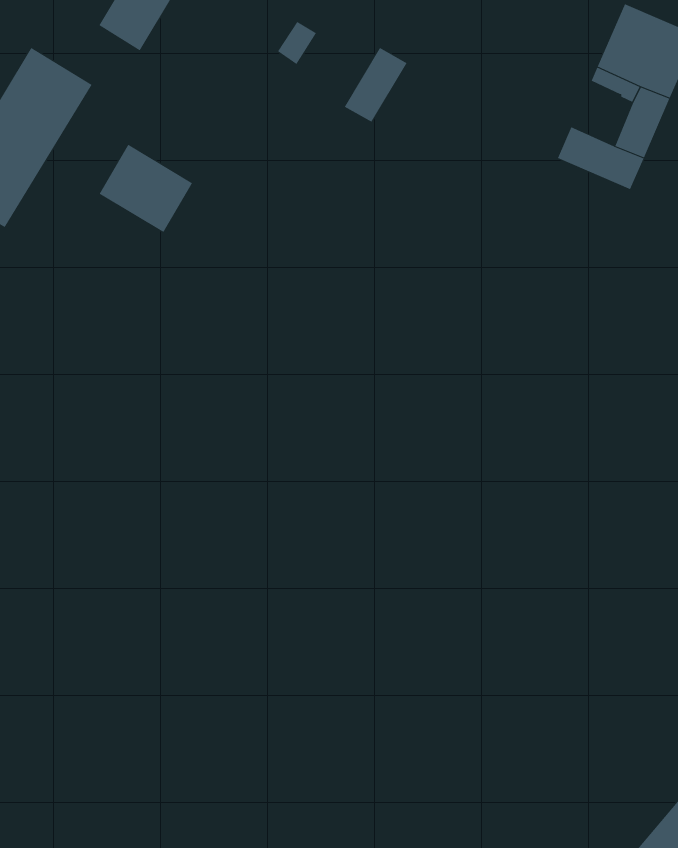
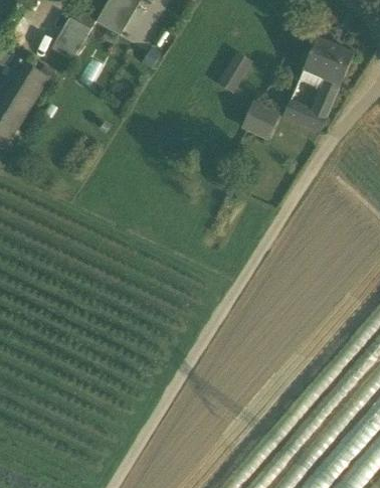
building: [344,47,407,123] -> [220,52,252,91]
building: none -> [245,103,278,136]
building: [99,144,193,233] -> none

